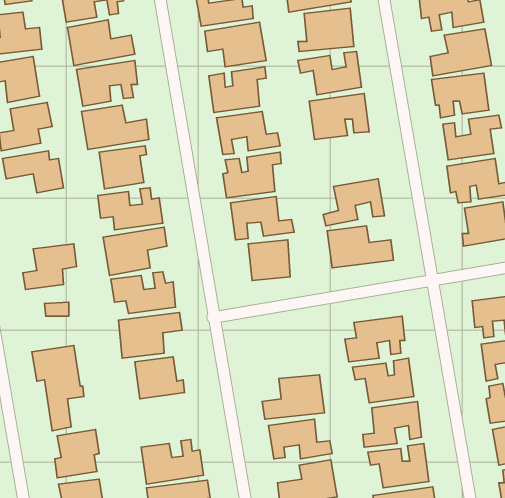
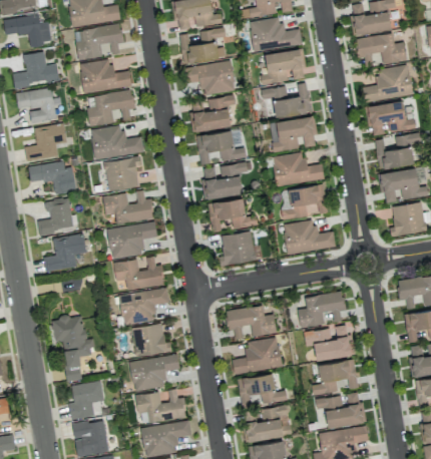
building: none -> [273,153,325,186]
building: none -> [37,197,74,236]
building: none -> [226,306,277,339]
building: none -> [129,354,180,391]

